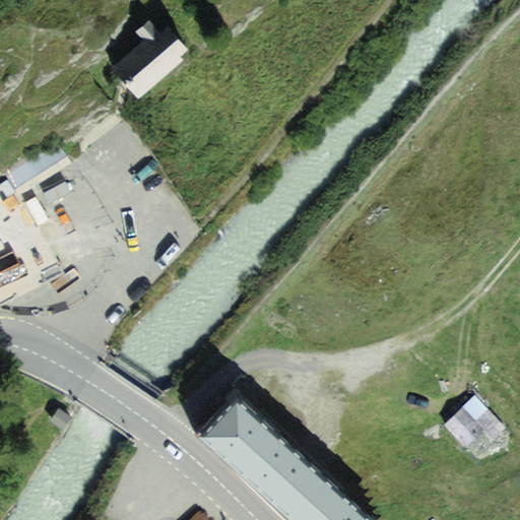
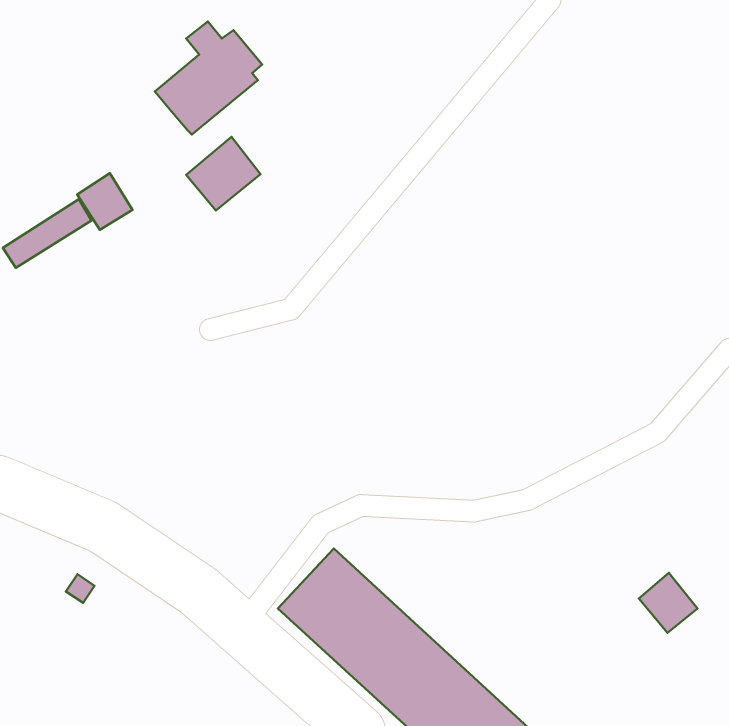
building: none -> [186,137,261,211]
building: none -> [77,173,132,230]

